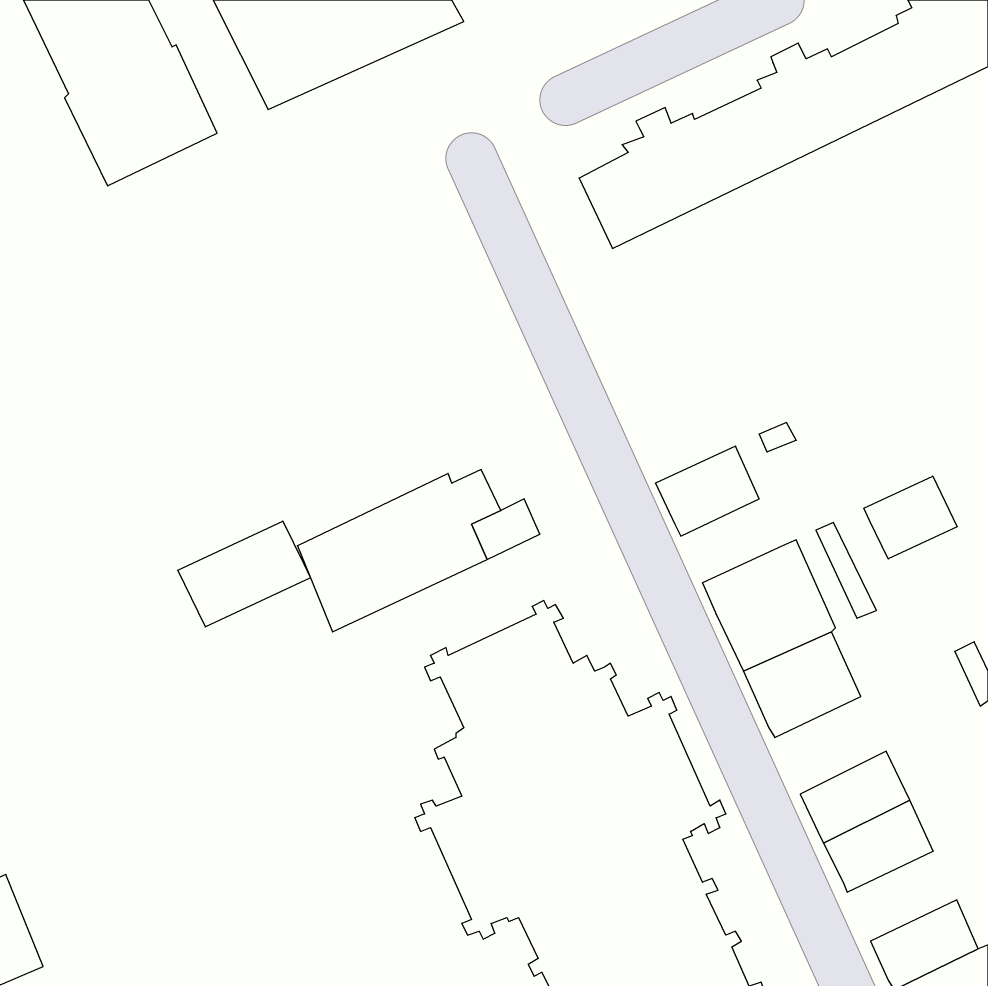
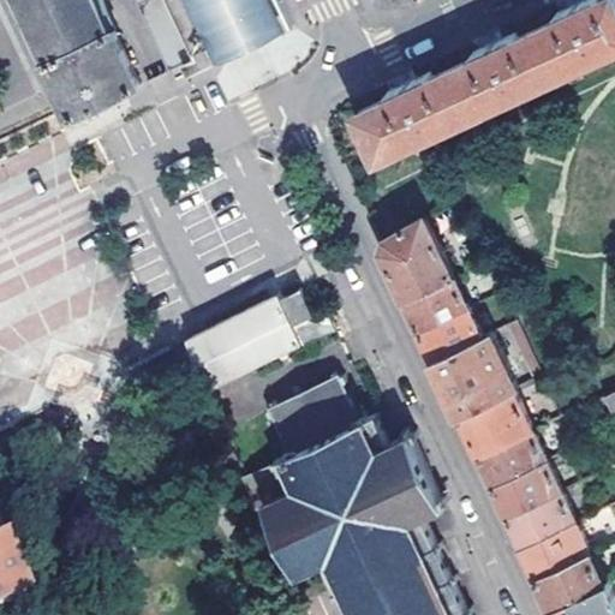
building: none -> [381,226,452,305]
building: [864,476,957,559] -> none
building: none -> [418,315,480,366]
building: [178,521,310,627] -> none
building: none -> [476,436,544,496]
building: none -> [520,531,587,586]

